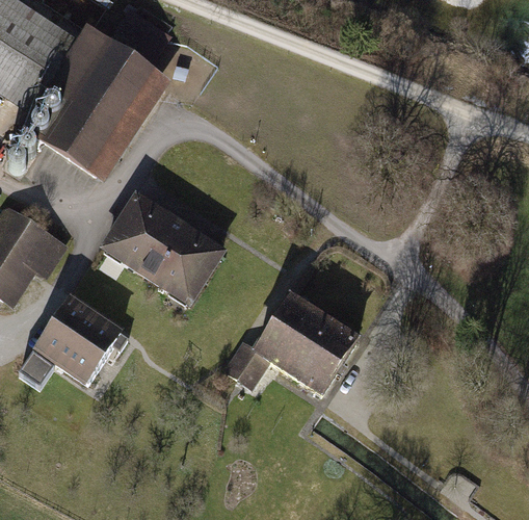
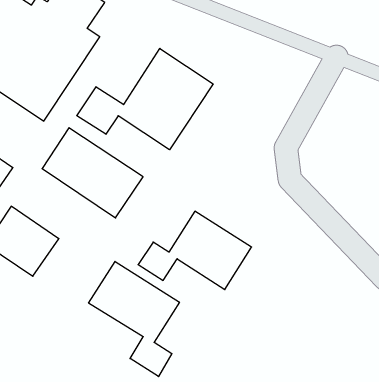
building: none -> [77,48,213,150]
building: none -> [89,261,179,377]

